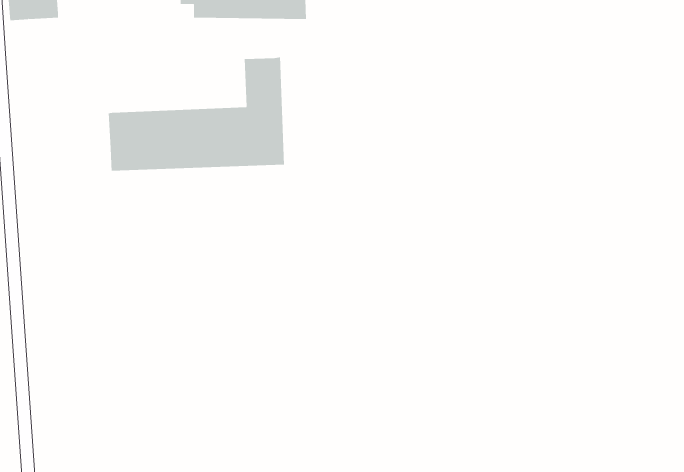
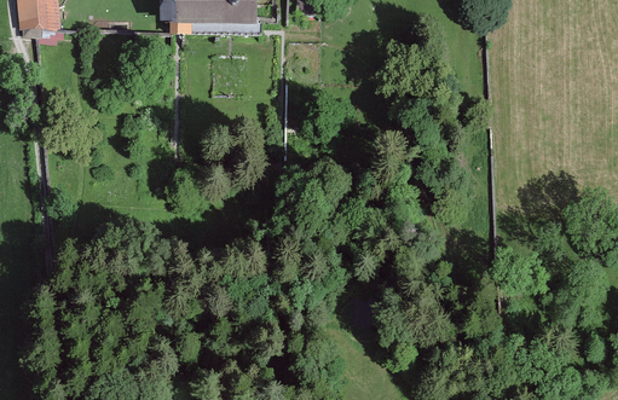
building: [108,56,284,171] -> none

